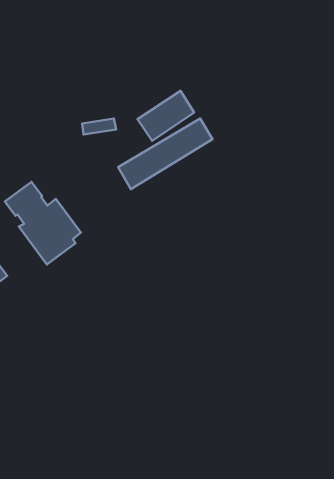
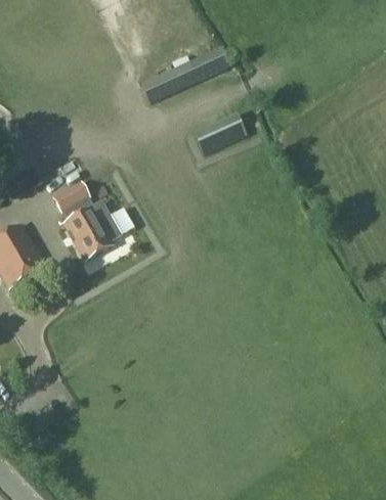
building: [118,119,213,189] -> [140,45,230,102]

